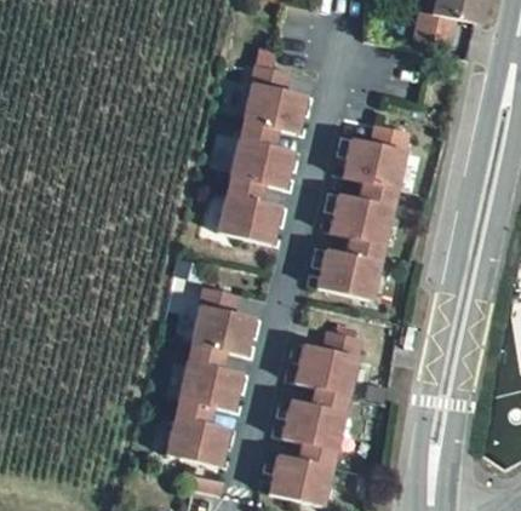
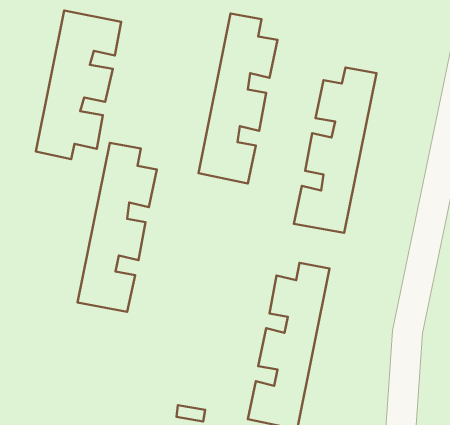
building: none -> [36,11,121,159]
building: [168,288,252,466] -> [78,143,157,312]

